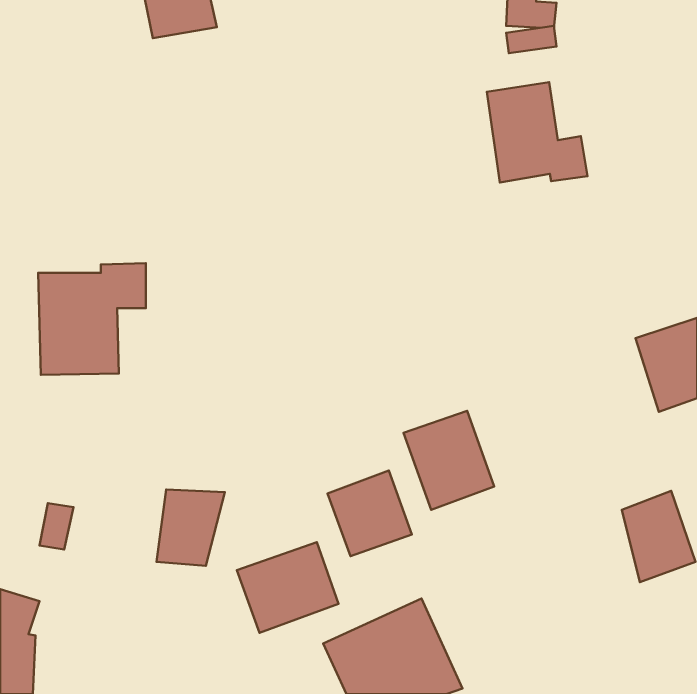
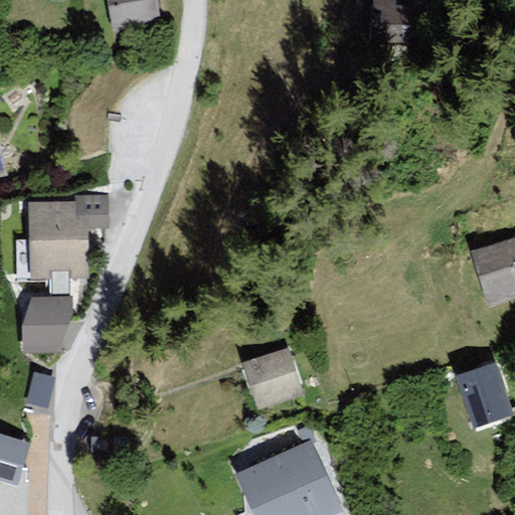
building: [487,82,587,183] -> none
building: [403,411,494,510] -> none
building: [157,490,225,566] -> [22,297,72,353]
building: [237,542,339,633] -> none

